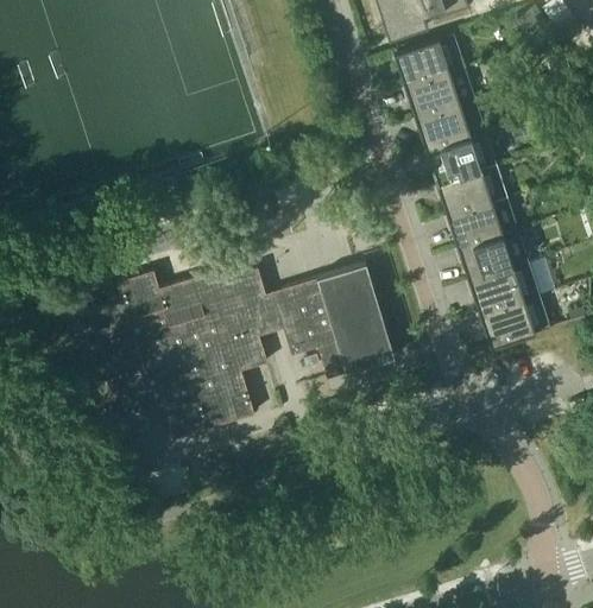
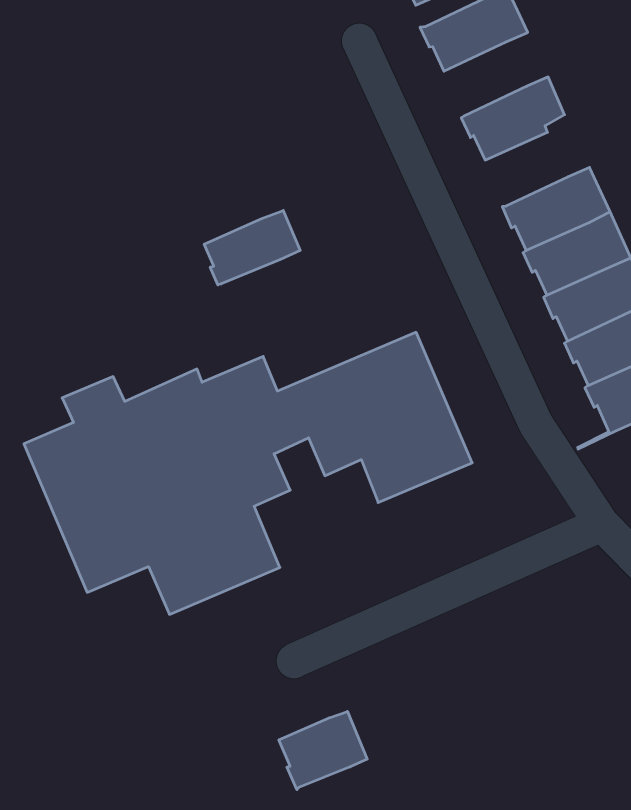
building: [404,65,478,118] -> none
building: [425,131,499,183] -> none
building: none -> [204,210,300,285]
building: none -> [279,711,367,790]

